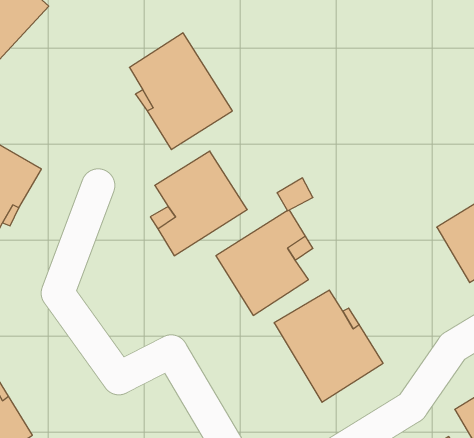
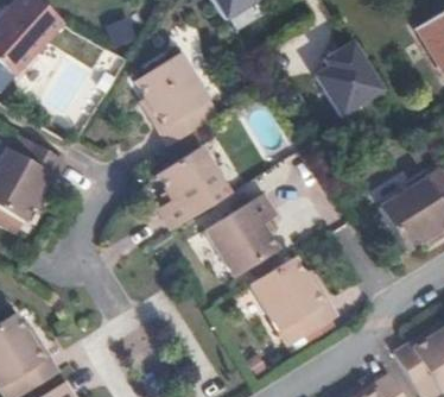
building: none -> [309,42,386,120]

